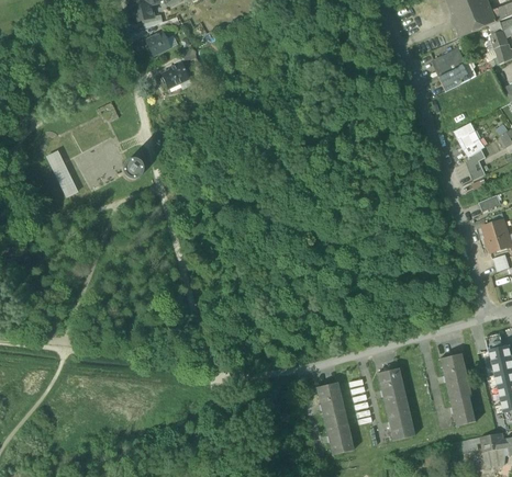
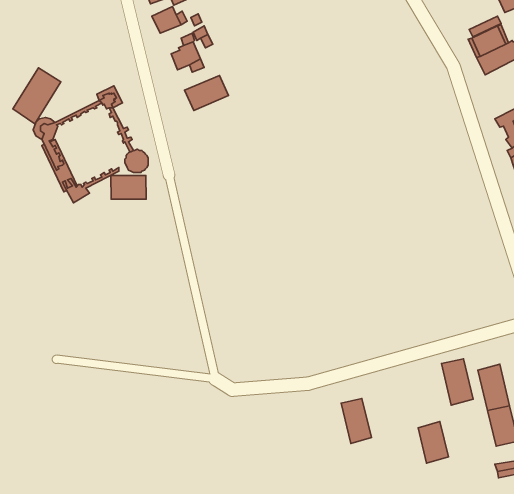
building: none -> [13,68,61,124]
building: none -> [185,75,228,110]
building: none -> [111,175,146,199]
building: [377,367,405,409] -> [441,359,473,405]
building: [325,418,352,455] -> none

